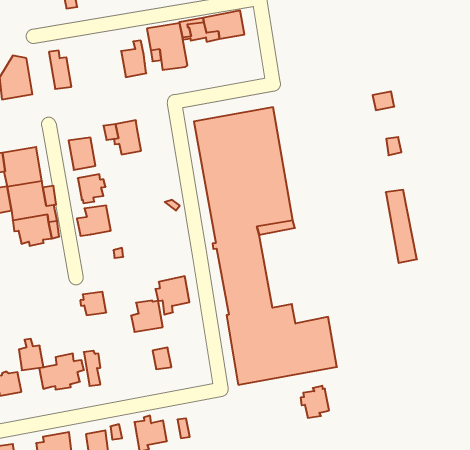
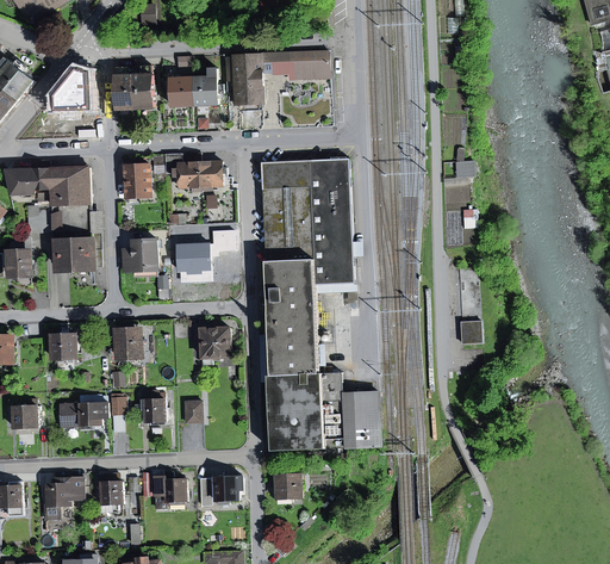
building: none -> [133,66,152,107]
building: none -> [169,76,194,106]
building: none -> [199,161,222,186]
building: [78,174,106,203] -> [176,238,205,267]
building: [131,301,163,332] -> [132,391,164,422]
building: [19,339,44,370] -> [51,326,75,358]
building: [301,386,329,418] -> [272,470,300,502]
building: none -> [213,476,242,504]

